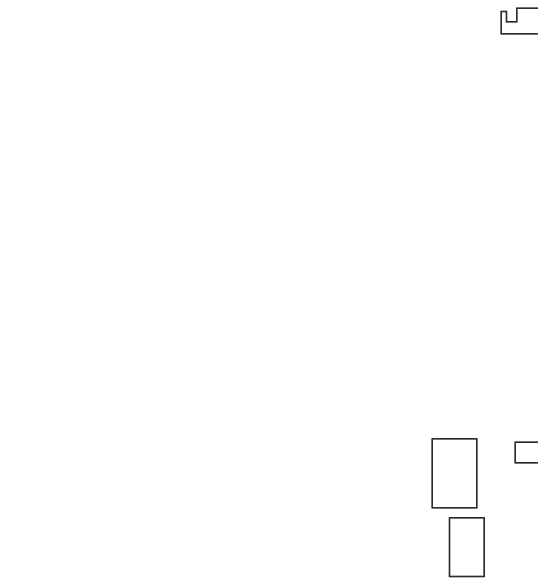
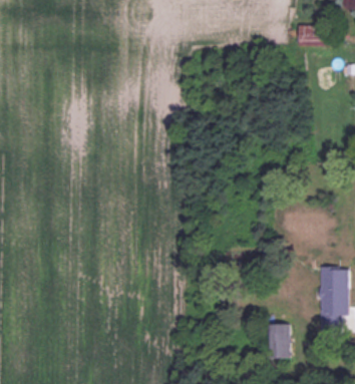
building: [432,439,477,508] -> none

